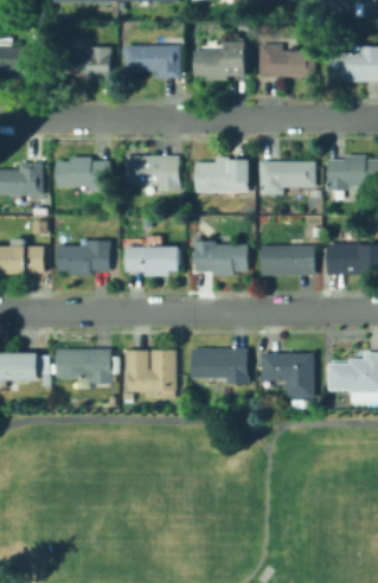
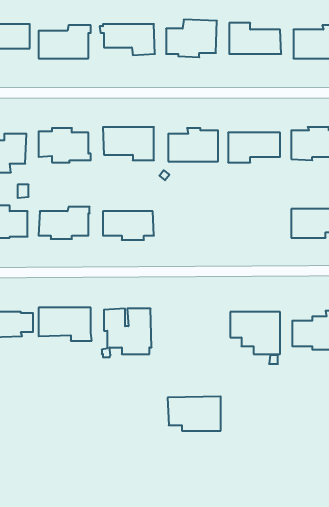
building: [191,241,248,275] -> none
building: [261,244,314,275] -> none
building: [191,347,248,384] -> [168,396,221,431]

